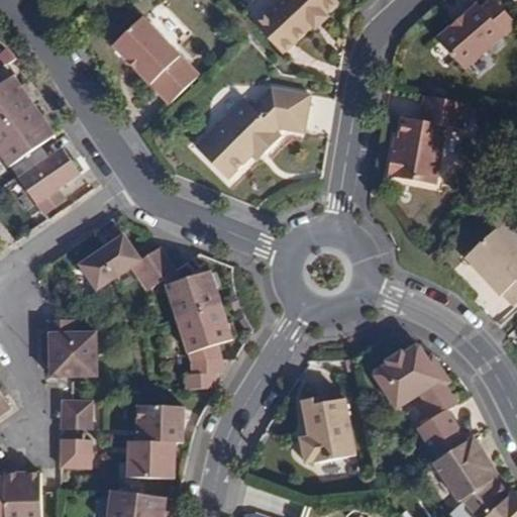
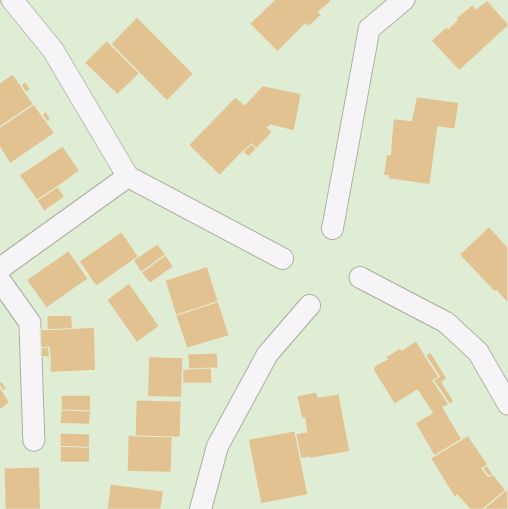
building: none -> [84,41,140,95]
building: none -> [26,250,89,308]
building: none -> [106,283,160,343]
building: none -> [148,357,183,398]
building: none -> [248,431,308,504]

